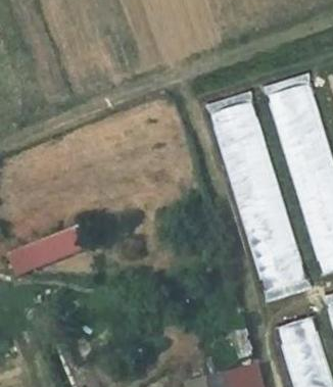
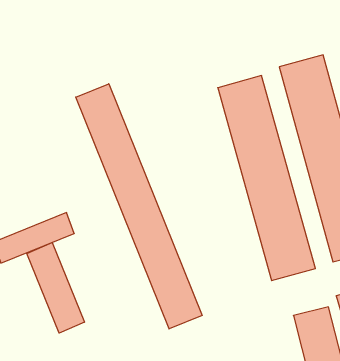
building: none -> [76,84,202,329]
building: none -> [27,242,84,333]

